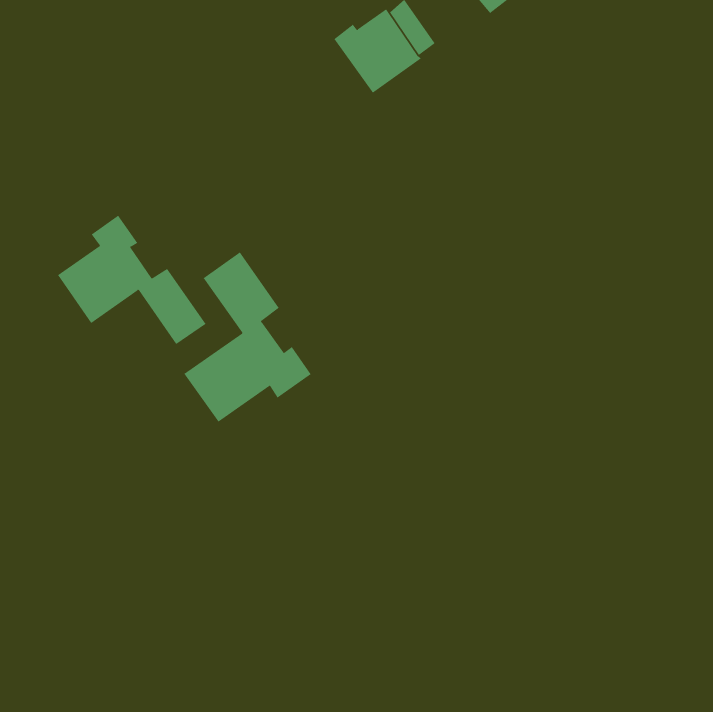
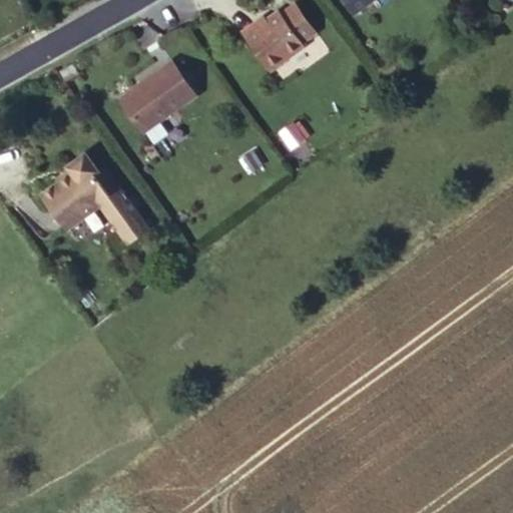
building: none -> [121,62,196,132]
building: [183,251,312,422] -> none

